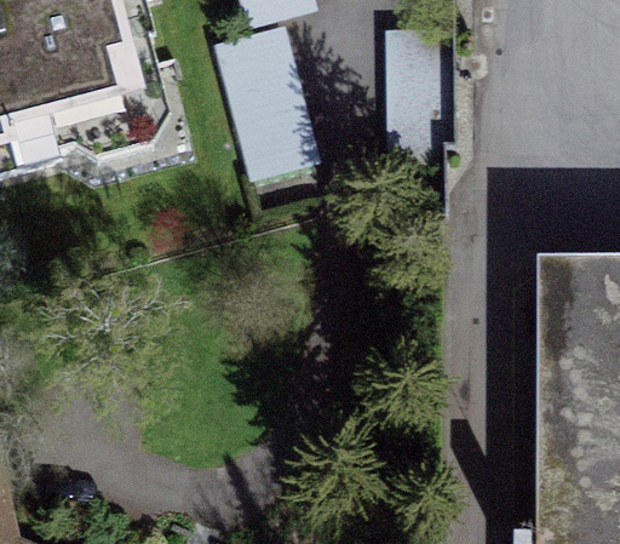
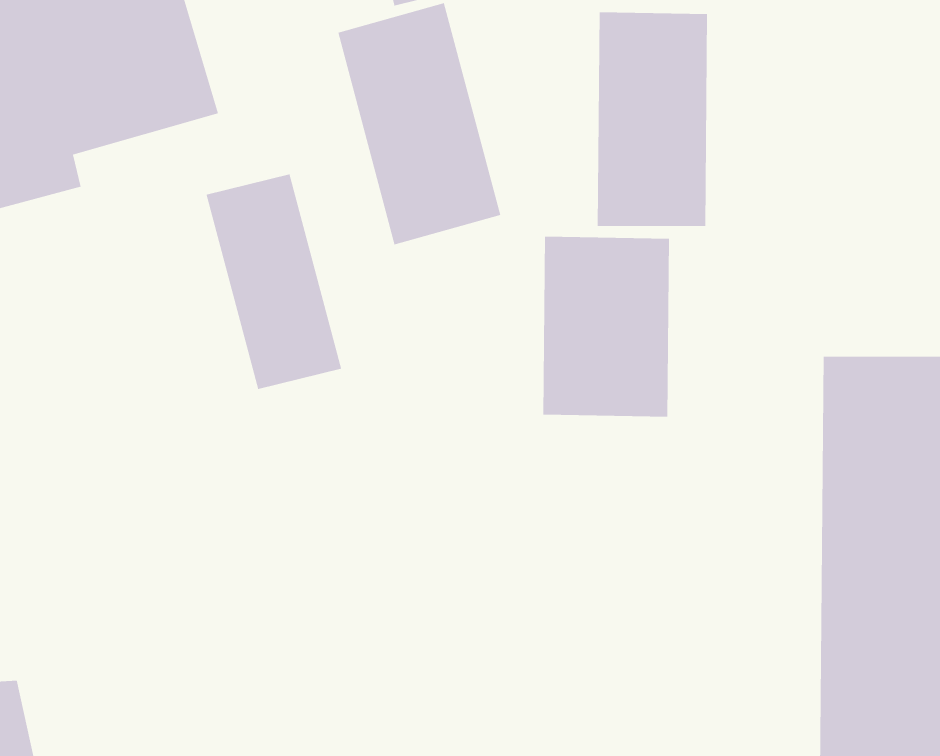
building: none -> [206,173,342,390]
building: none -> [543,236,670,417]

